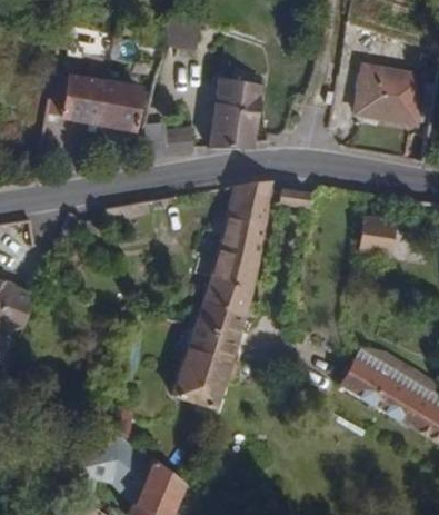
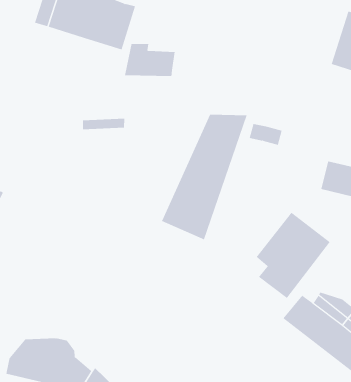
building: [208,78,262,147] -> none
building: none -> [256,212,330,299]
building: [170,300,249,412] -> none

